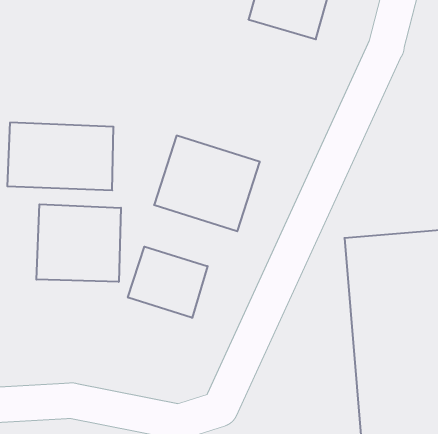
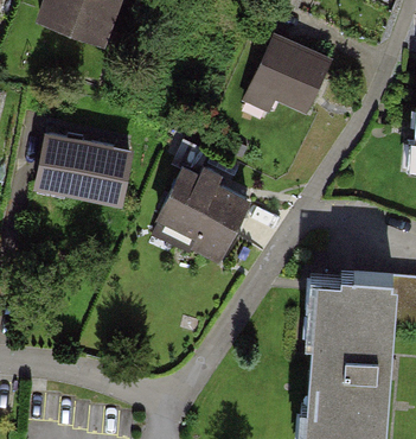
building: [36,204,121,282] -> none
building: [128,247,208,318] -> none

